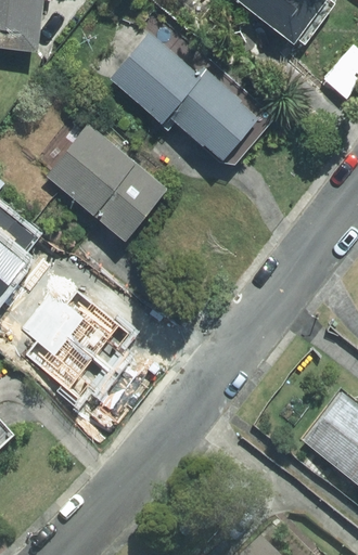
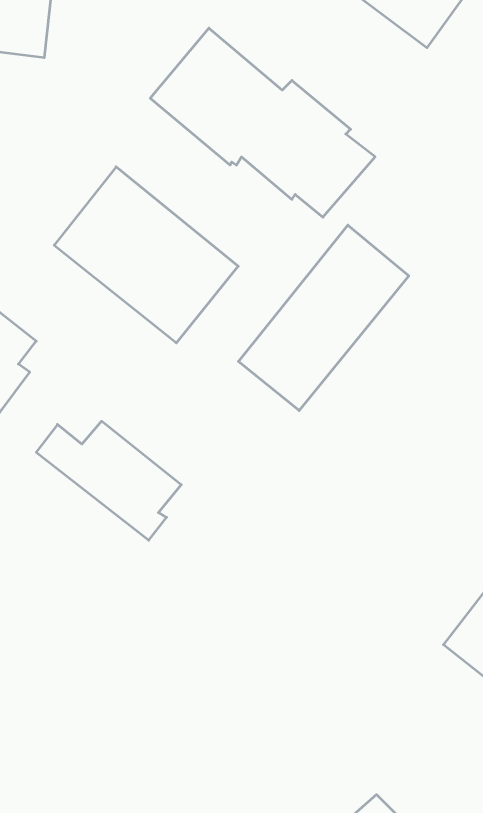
building: none -> [238,225,409,411]
building: [20,313,108,402] -> none

